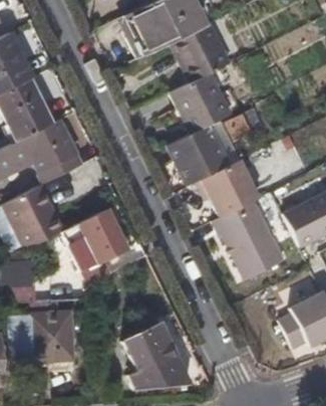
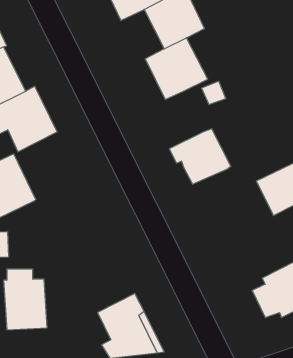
building: [166,124,229,185] -> none
building: [209,201,282,280] -> none
building: [61,209,128,271] -> none

